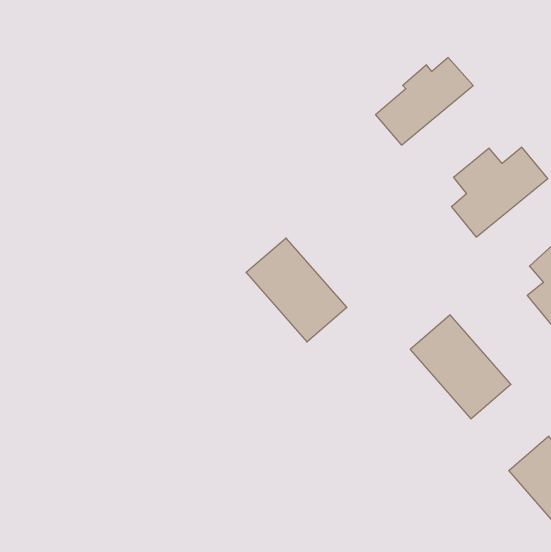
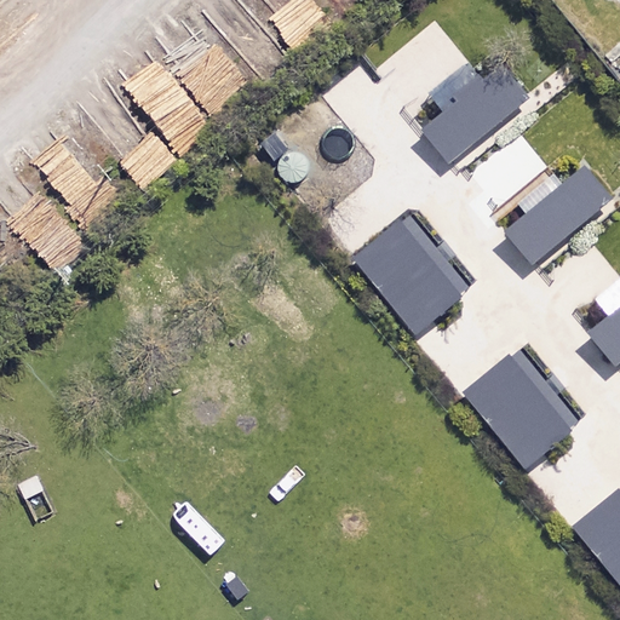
building: [246,238,347,342] -> [351,218,464,334]

